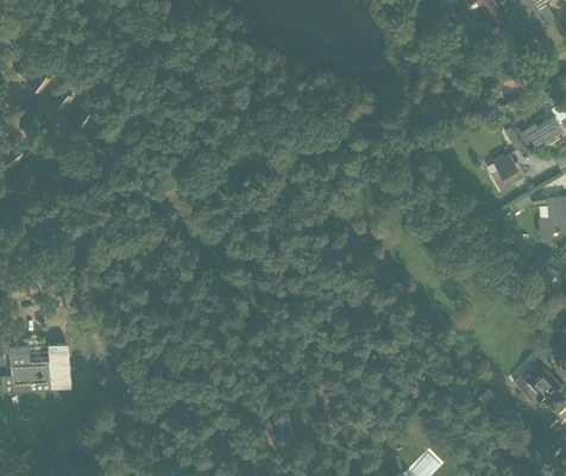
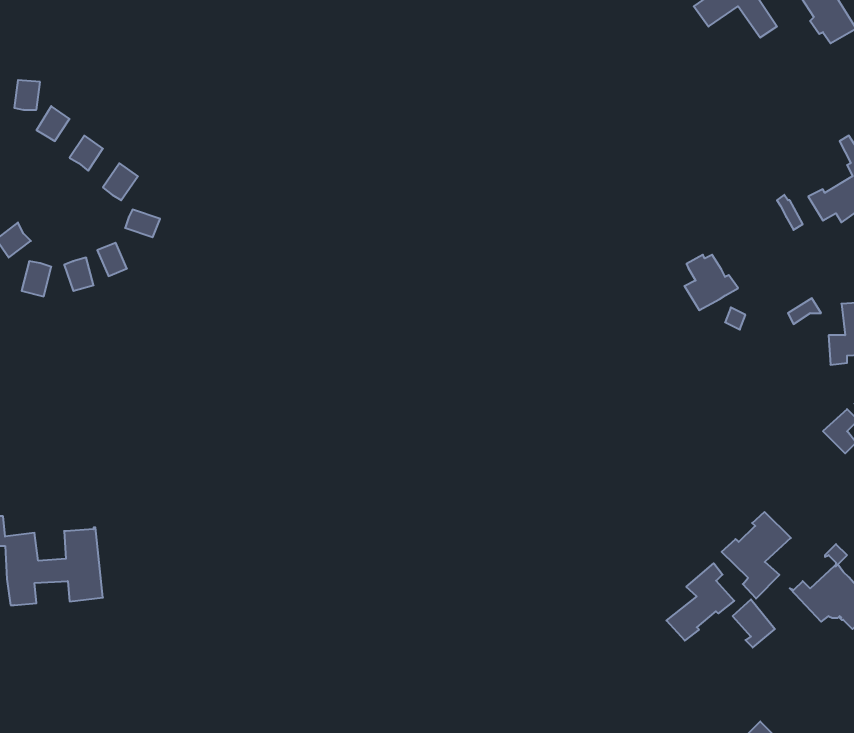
building: [491,154,526,189] -> [684,255,738,310]
building: none -> [722,512,791,599]
building: none -> [666,563,734,641]

